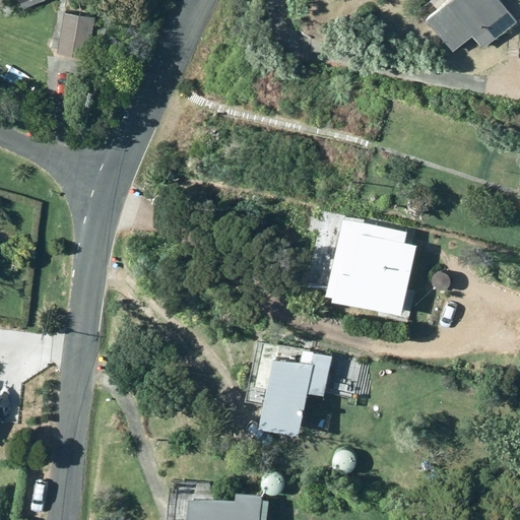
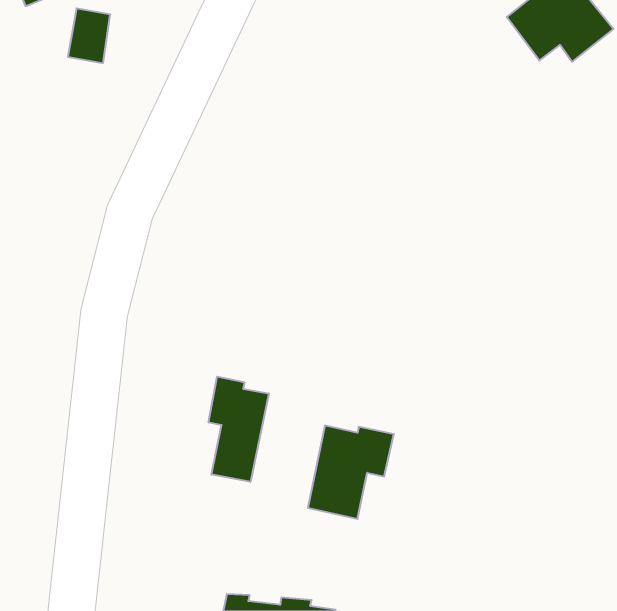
building: [332,238,415,318] -> none
building: none -> [208,377,269,482]

